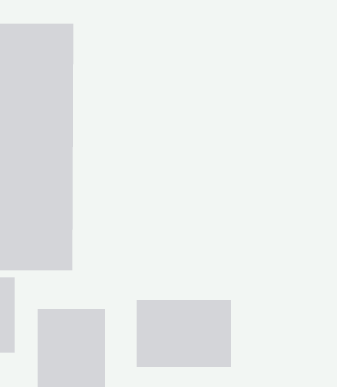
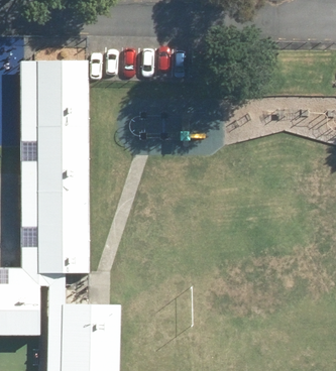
building: [136,299,231,368] -> none

